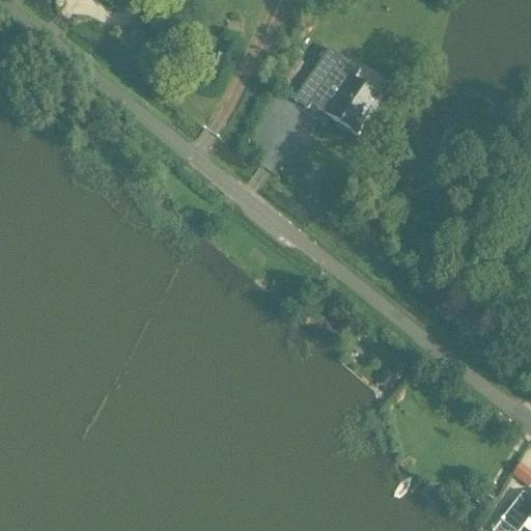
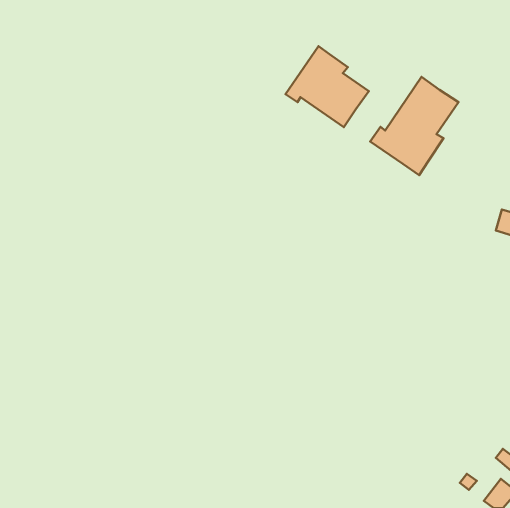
building: none -> [370,77,459,175]

